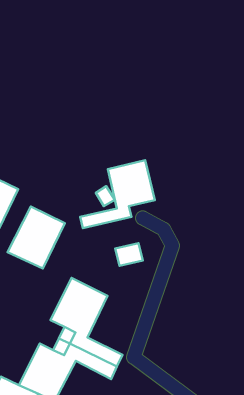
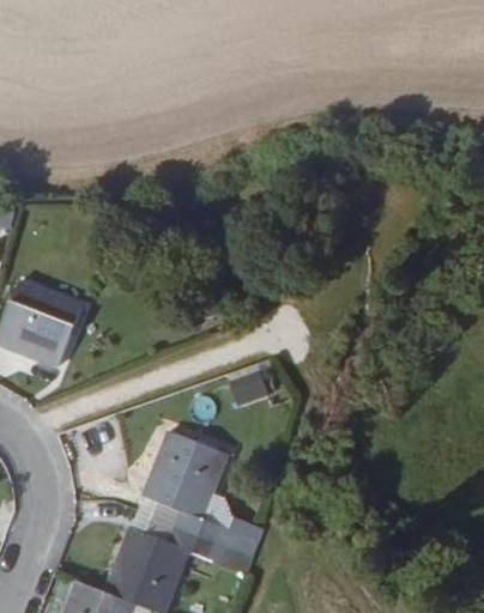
building: [80,160,155,228] -> none
building: [8,207,65,268] -> none

